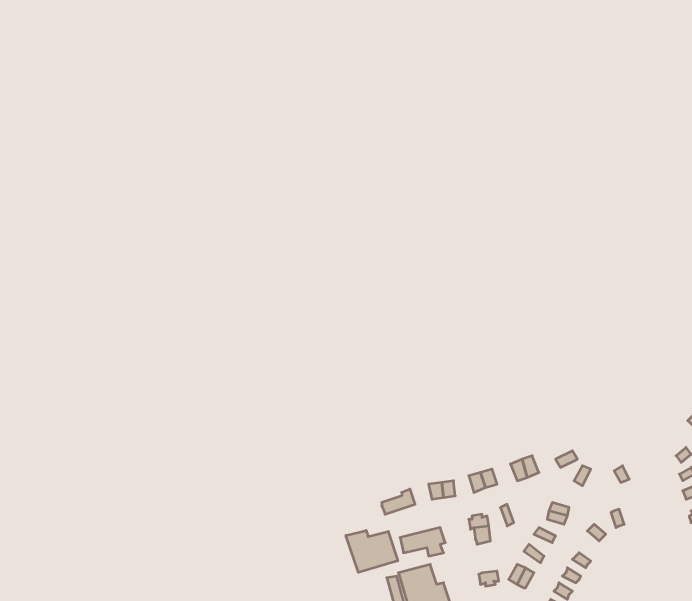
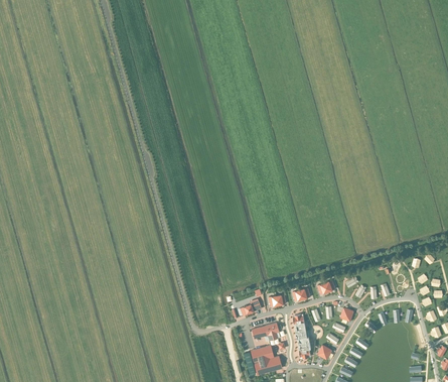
building: [346,530,398,572] -> none

